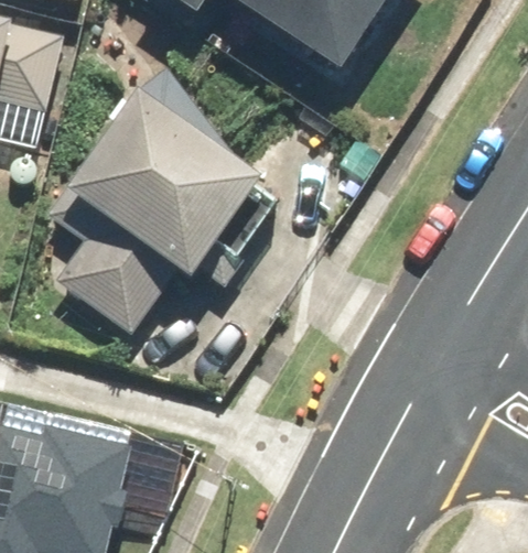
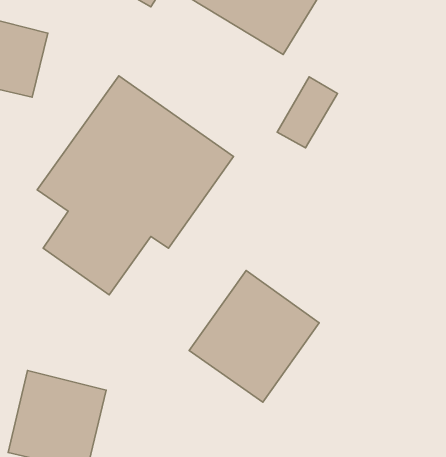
building: none -> [189,270,319,402]

